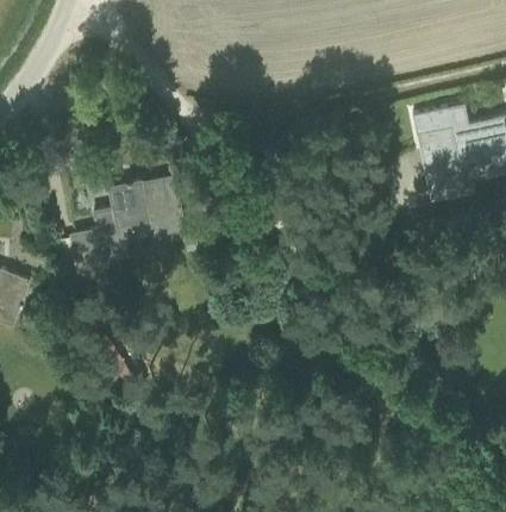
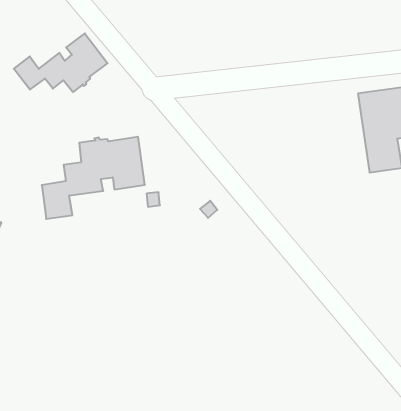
building: none -> [14,33,108,92]

